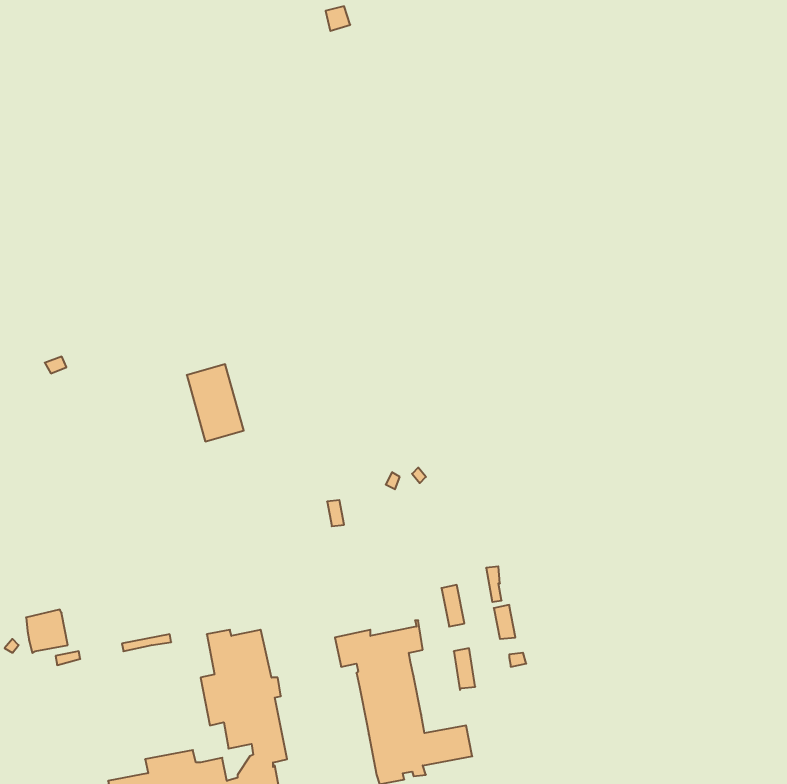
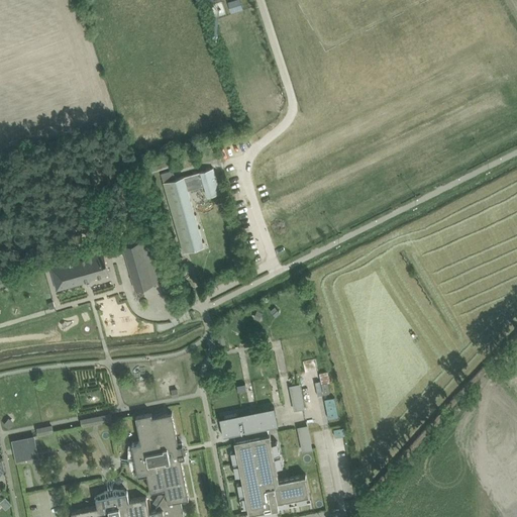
building: none -> [163,171,219,254]
building: none -> [48,245,109,293]
building: [26,610,68,653] -> [11,437,38,466]

